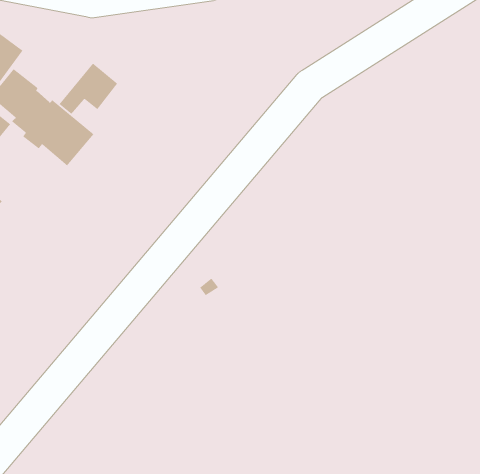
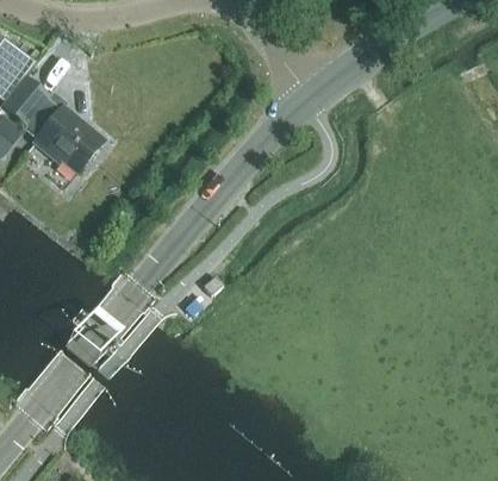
building: [58,62,118,115] -> none

